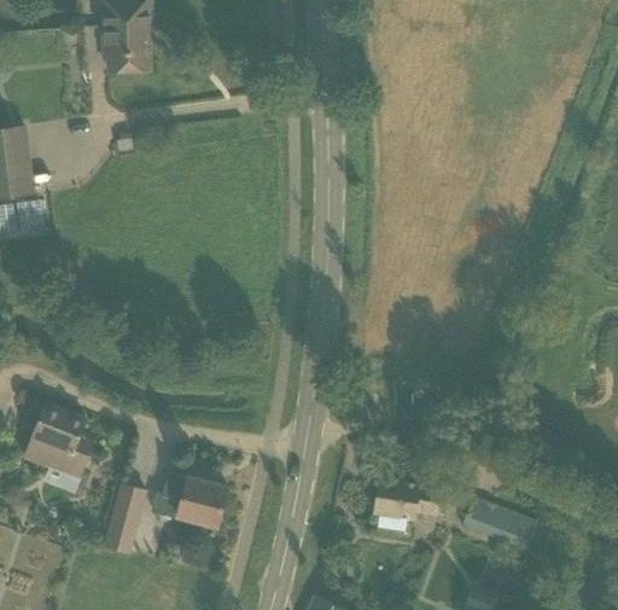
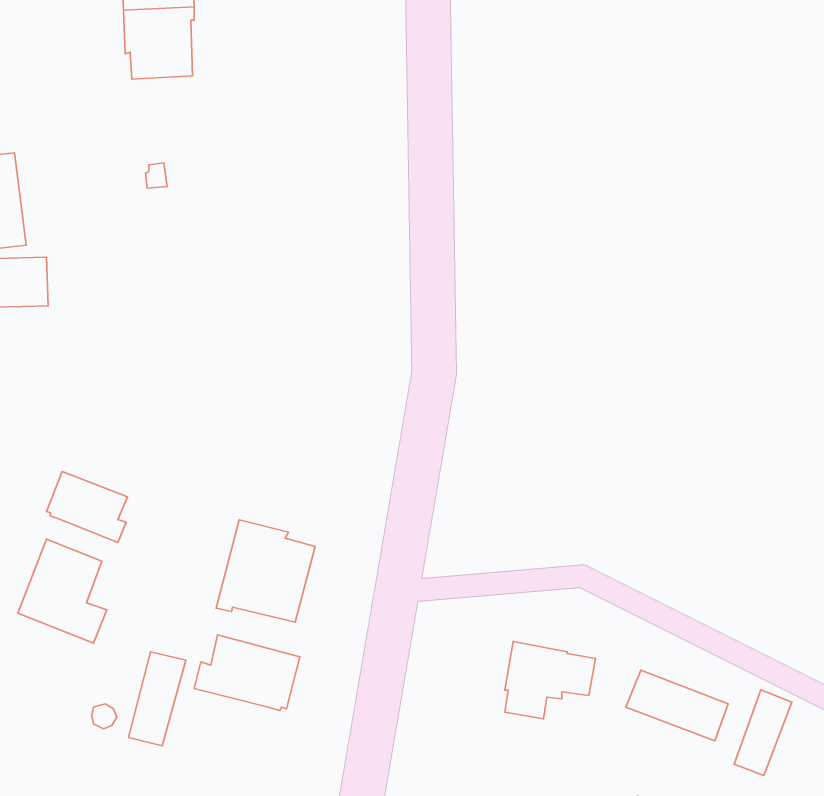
building: none -> [46,472,128,543]
building: none -> [216,520,315,622]
building: none -> [734,690,792,775]

